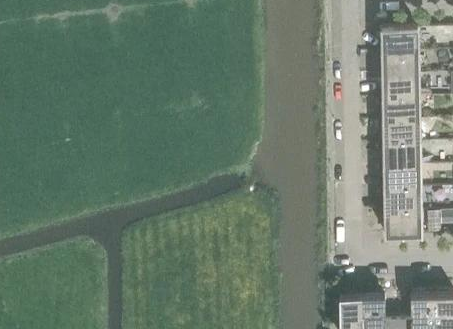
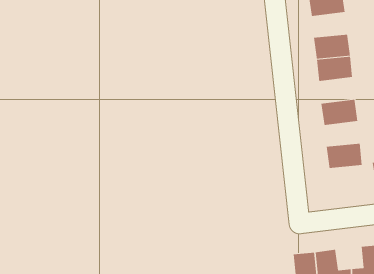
building: [382,51,418,74] -> none
building: [383,119,419,143] -> none
building: [384,165,420,188] -> none
building: [385,211,421,235] -> none

